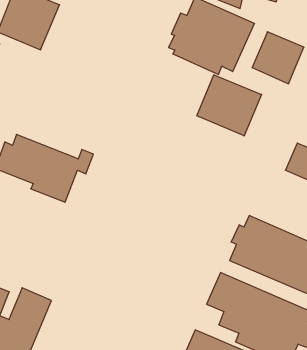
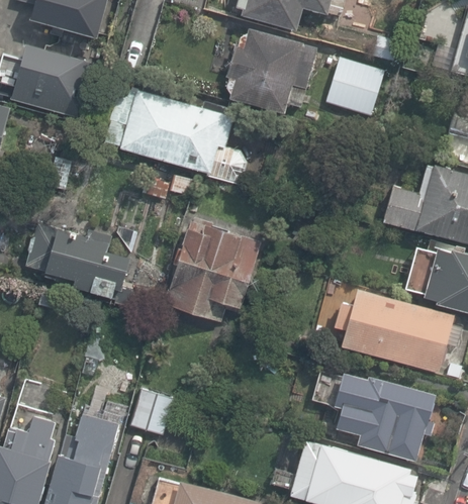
building: none -> [103,86,229,174]
building: [197,75,262,136] -> none
building: none -> [157,224,252,313]
building: none -> [126,391,179,437]

